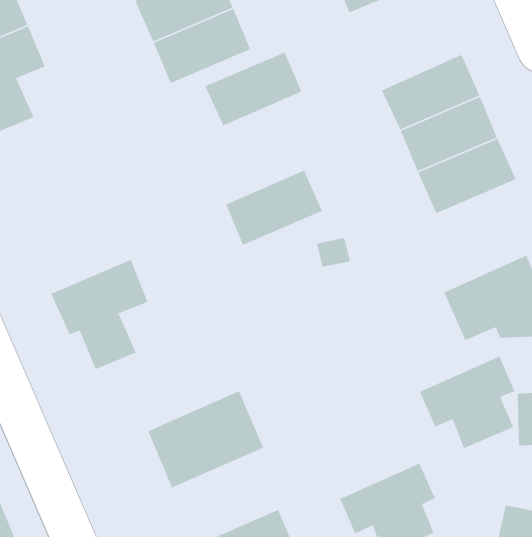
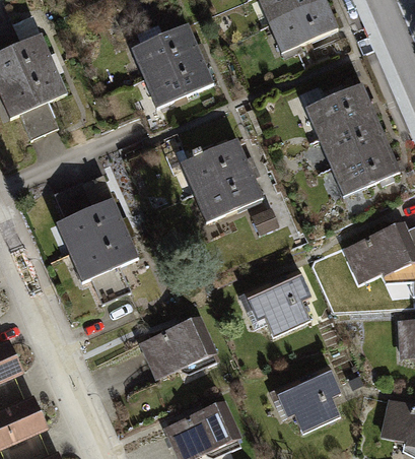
building: [204,51,302,126] -> [180,135,249,188]
building: none -> [55,174,127,251]
building: [419,355,516,449] -> [243,274,310,340]

